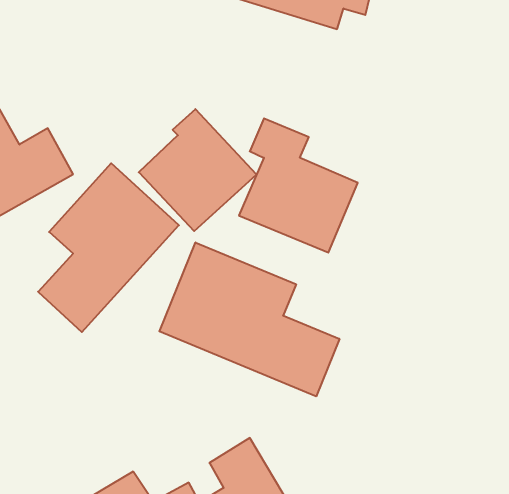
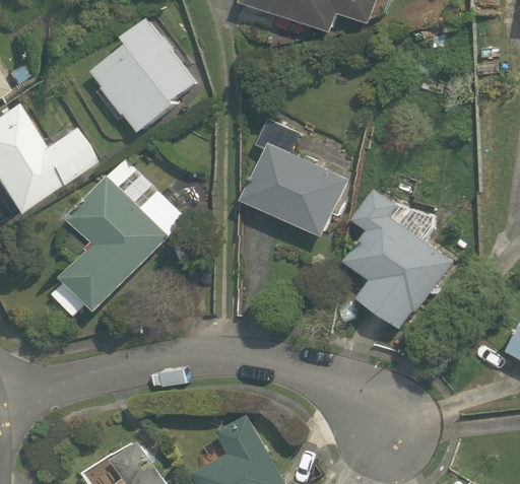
building: [139,109,257,231] -> [84,19,194,133]
building: none -> [343,186,458,333]
building: [159,242,339,396] -> none

